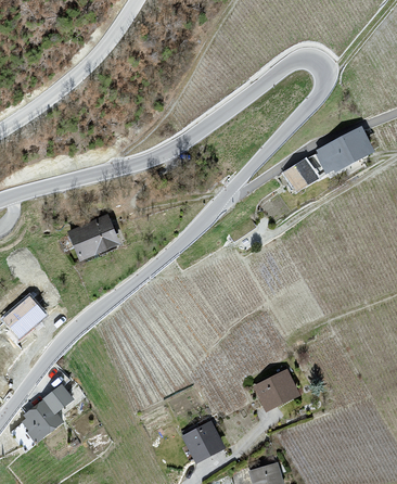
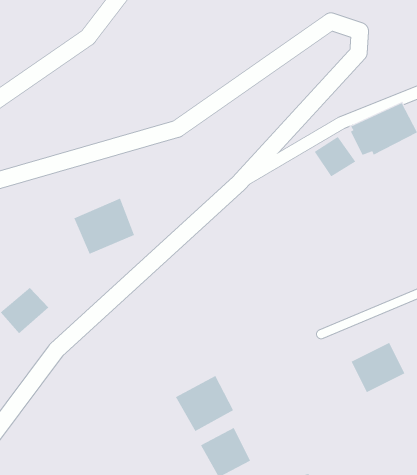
building: [252,368,300,413] -> [351,342,405,393]
building: none -> [175,375,234,432]
building: [22,384,75,447] -> none

